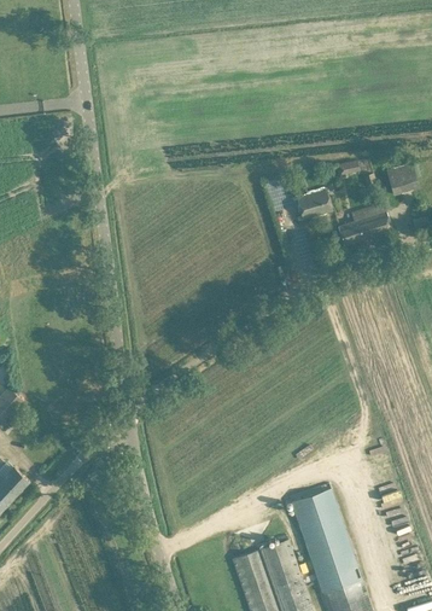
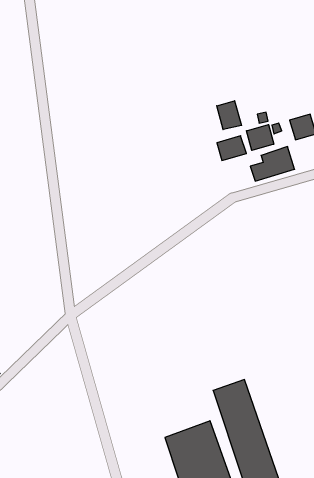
building: none -> [217,101,242,130]
building: none -> [246,125,274,150]

